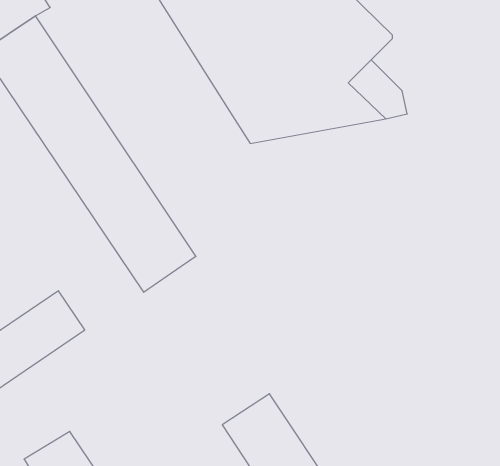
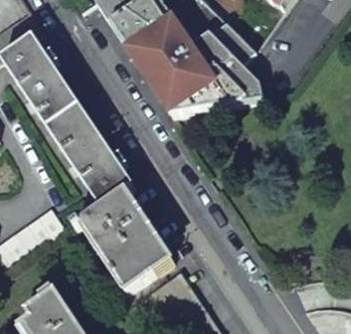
building: none -> [74,191,172,292]

